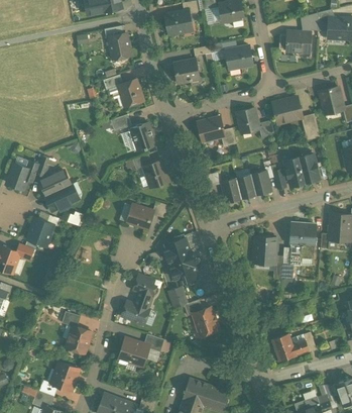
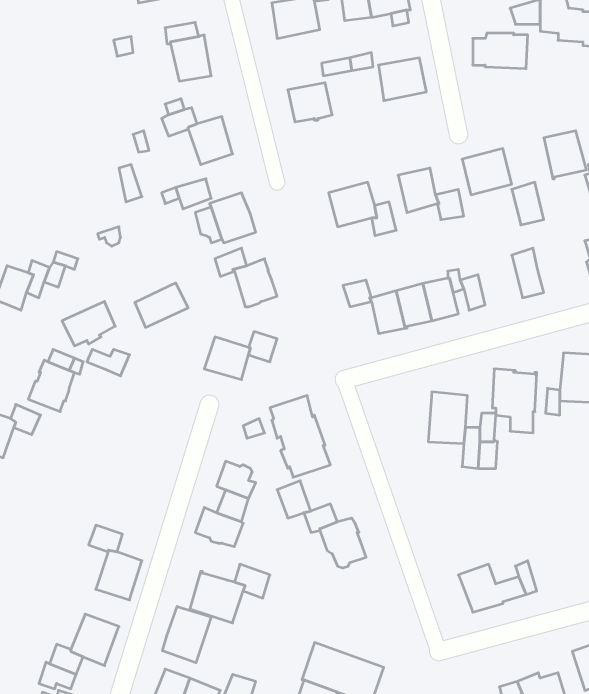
building: [284,158,308,186] -> none
building: [40,170,71,195] -> [135,283,188,327]
building: none -> [163,606,211,663]

